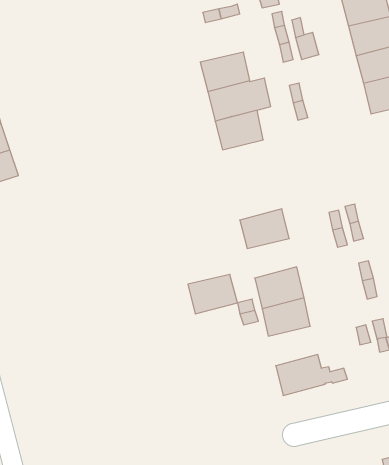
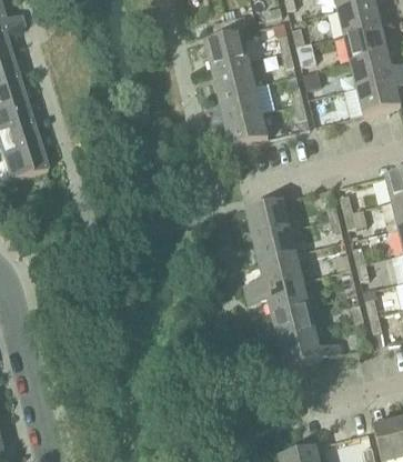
building: none -> [204,30,250,66]
building: [188,274,237,314] -> [253,224,298,260]
building: none -> [272,303,316,339]

